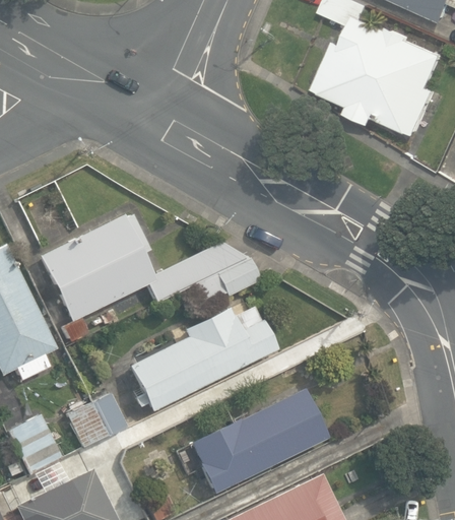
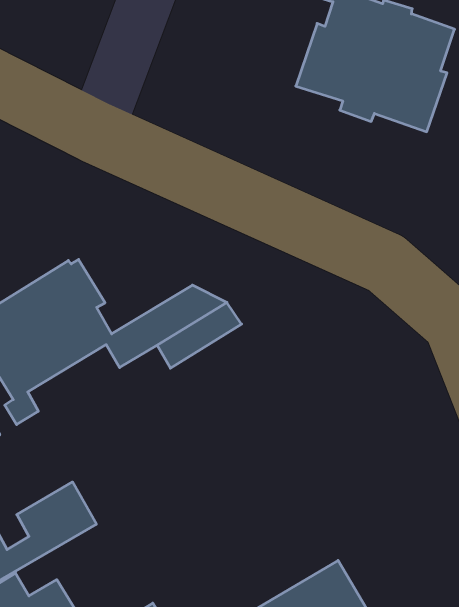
building: [129,308,276,412] -> none
building: [188,389,327,494] -> none

